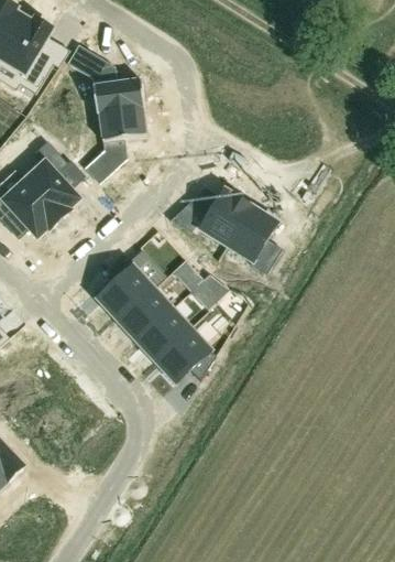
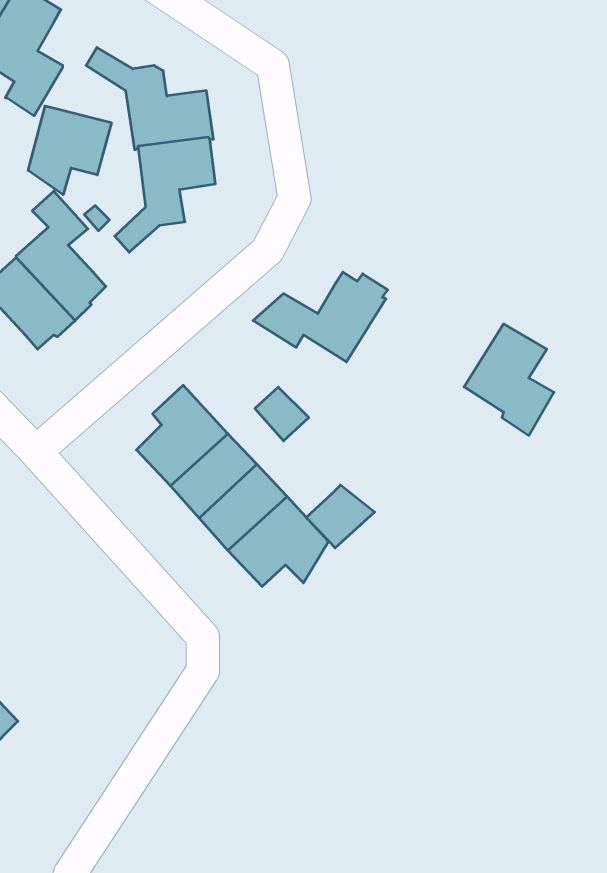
building: none -> [28,106,111,195]
building: [227,205,282,273] -> [464,324,554,435]
building: [188,272,230,311] -> [306,485,375,548]

